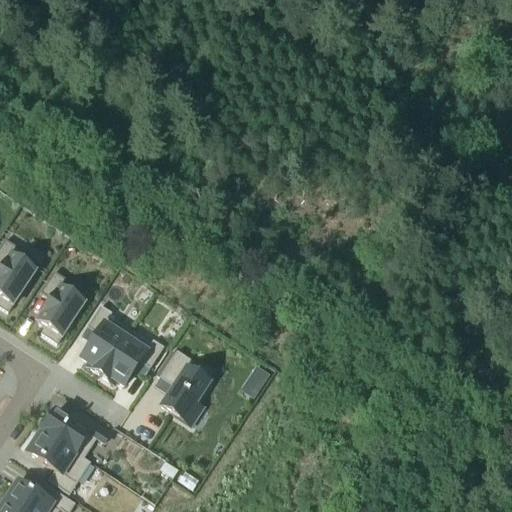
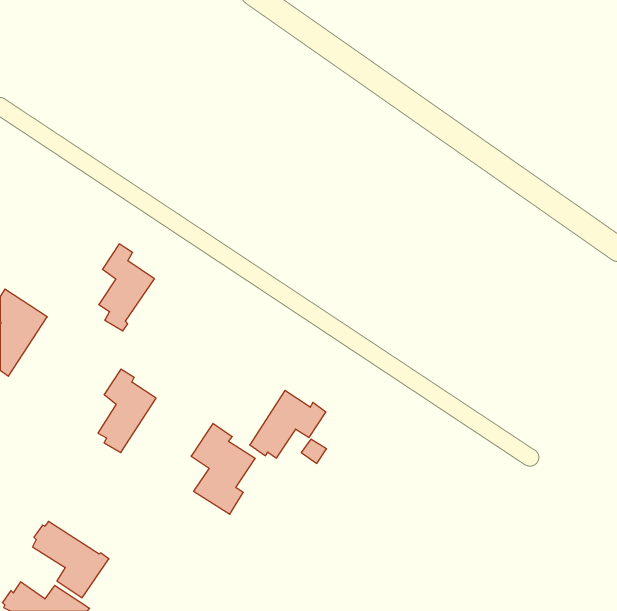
building: [37,271,83,343] -> [99,244,154,331]
building: [101,329,164,385] -> [250,390,326,458]
building: [41,410,111,458] -> none

